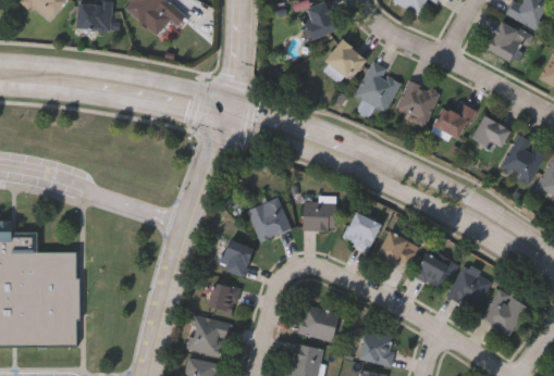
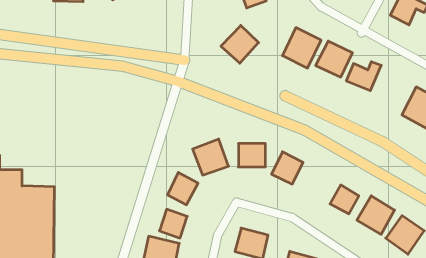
building: [319,39,365,85] -> [221,25,259,63]
building: [470,115,510,154] -> none
building: [377,230,419,271] -> none

